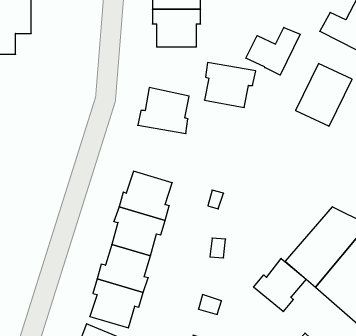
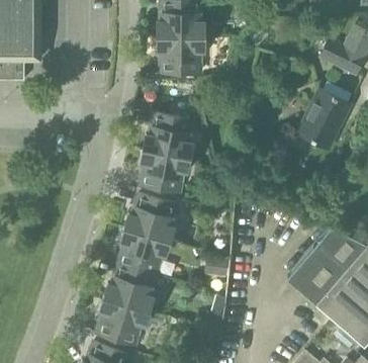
building: [246,27,300,75] -> none
building: [204,63,256,107] -> [141,149,190,192]
building: [254,258,306,312] -> none

